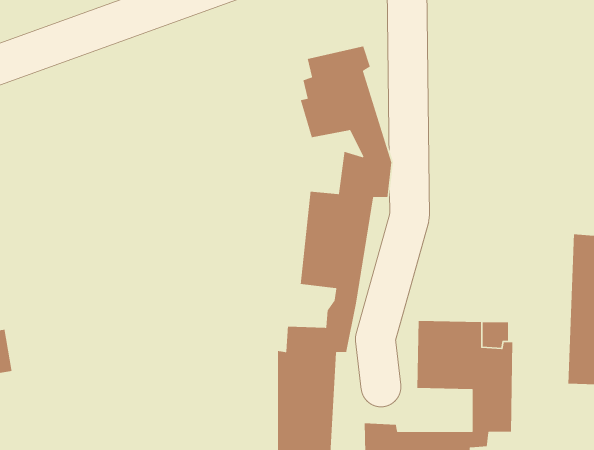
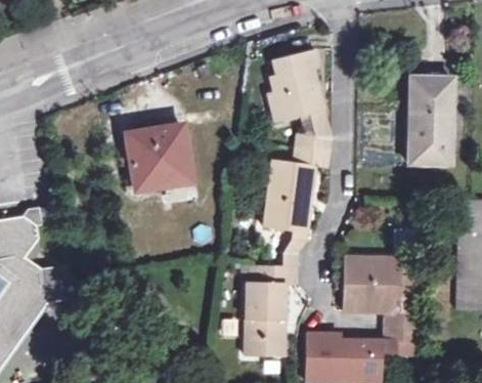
building: none -> [410,73,451,162]
building: none -> [118,128,182,188]

